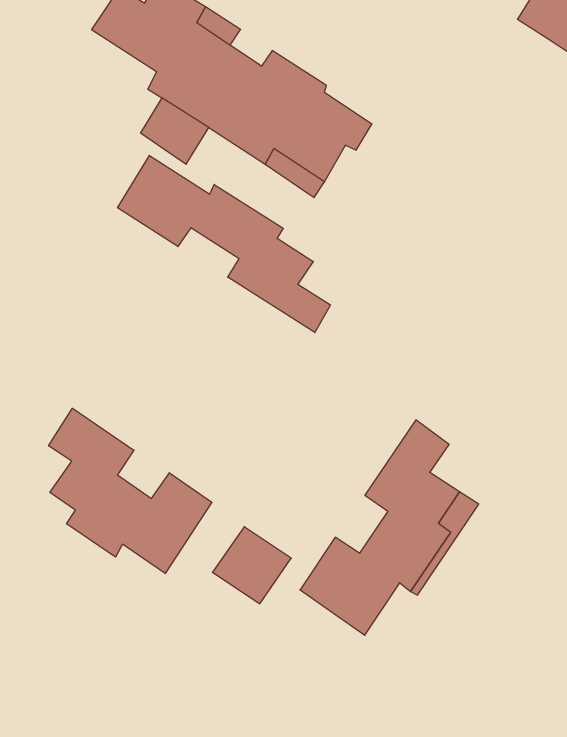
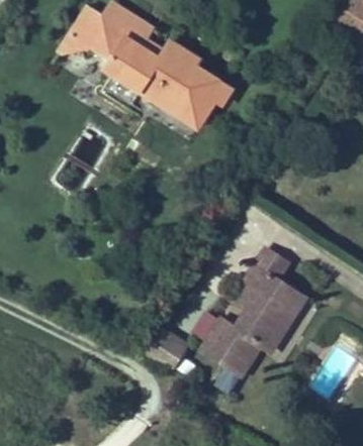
building: [118,155,330,333] -> none
building: [49,408,212,574] -> none

